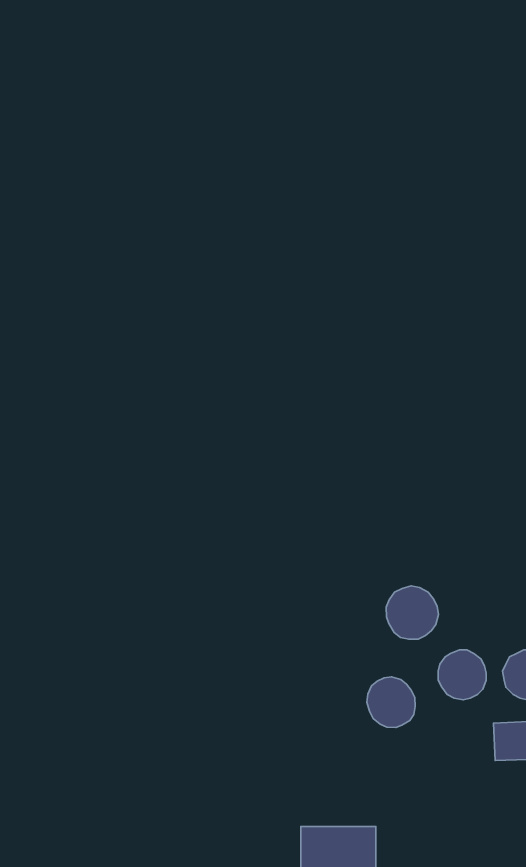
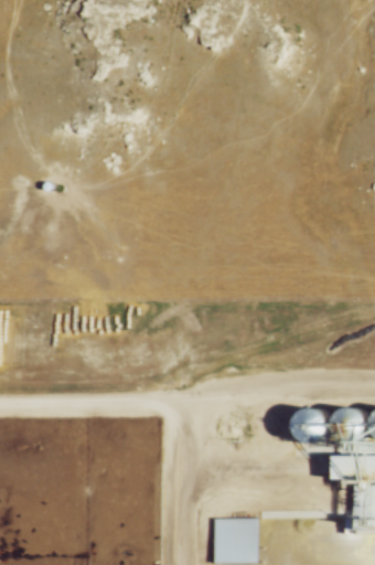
building: [386,586,438,639] -> none
building: [367,677,415,727] -> none

